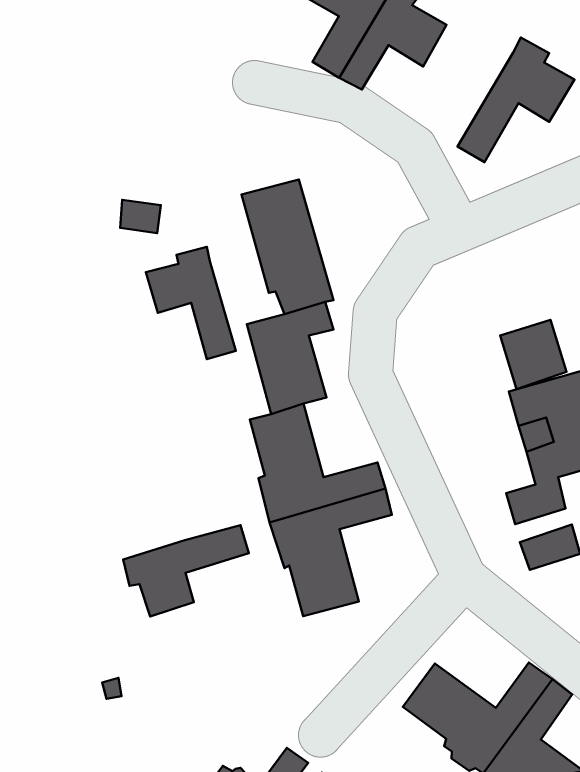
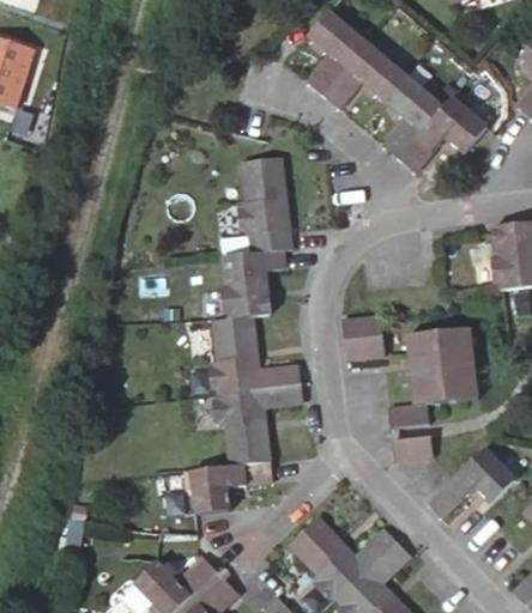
building: none -> [381,72,447,158]
building: [146,247,236,359] -> none
building: [500,320,567,389] -> [340,316,382,360]
building: [123,525,249,617] -> [186,463,274,516]

